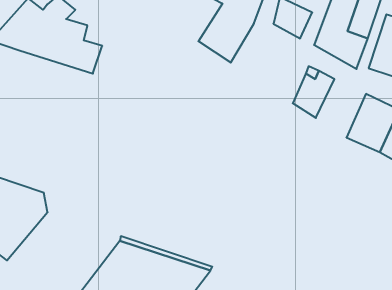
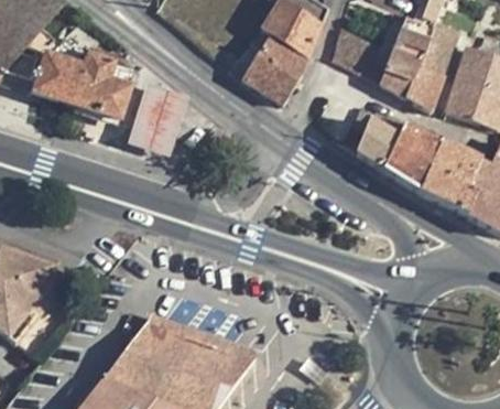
building: none -> [123,83,185,158]
building: none -> [382,126,442,195]

